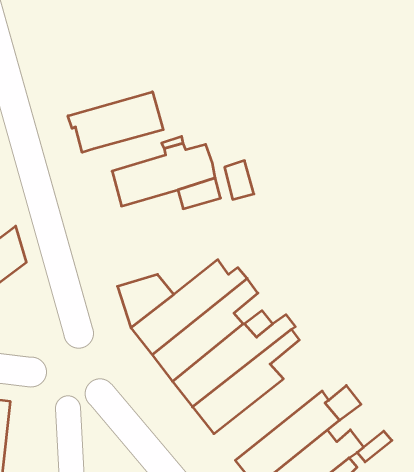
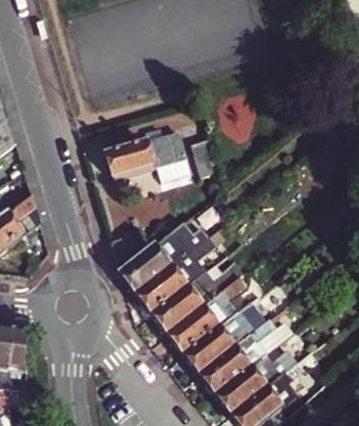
building: [68,92,163,152] -> none
building: none -> [184,302,267,375]

